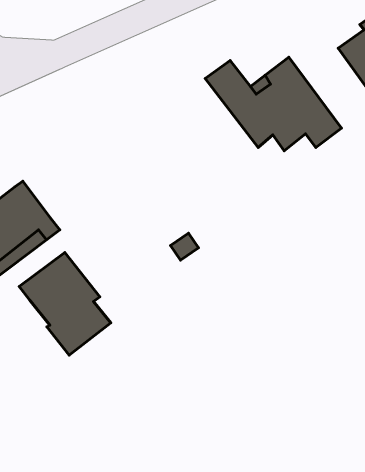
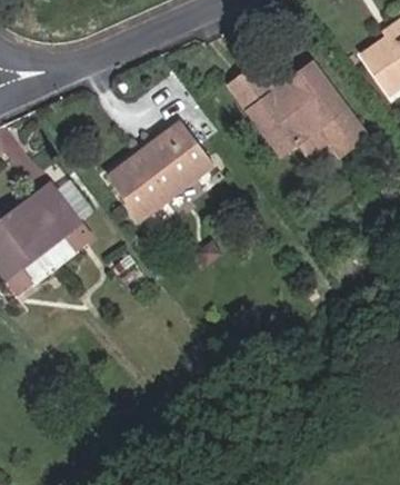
building: none -> [108,121,213,218]
building: [19,253,111,355] -> none

